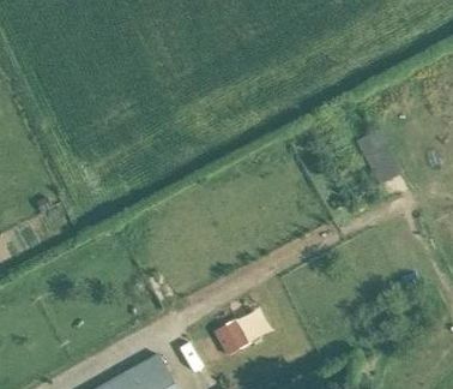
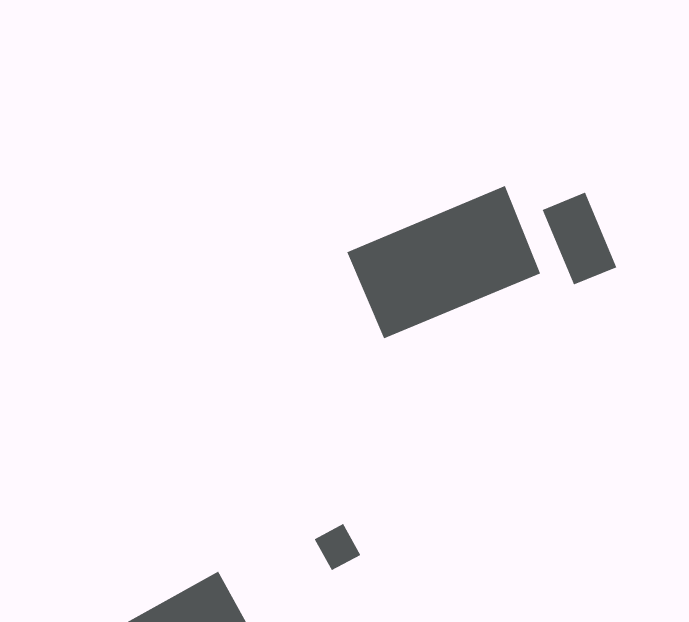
building: none -> [347,185,541,339]

